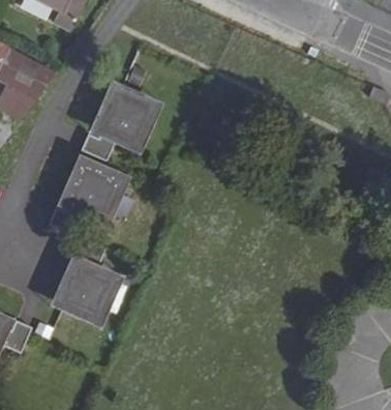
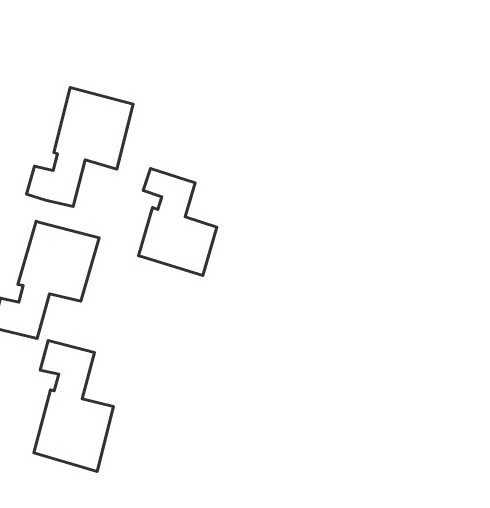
building: none -> [139,168,217,275]

